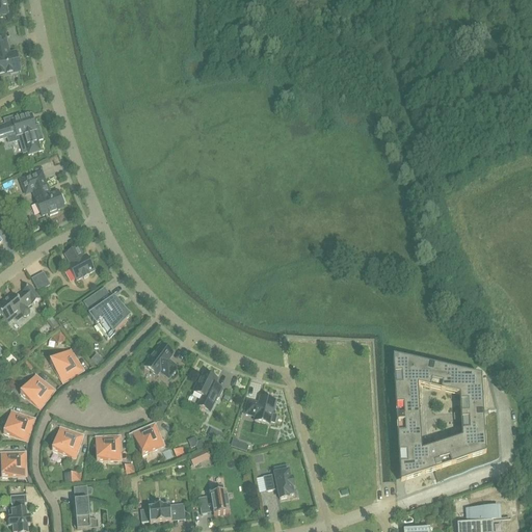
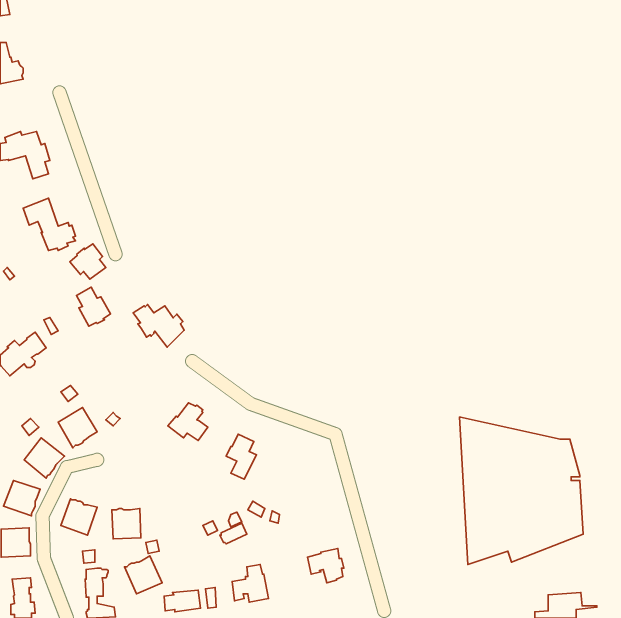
building: none -> [70,244,106,279]
building: [84,295,128,331] -> [133,304,184,347]
building: [244,393,276,423] -> none
building: [132,422,164,454] -> [124,556,162,594]

